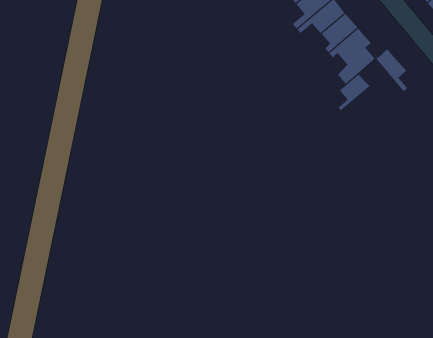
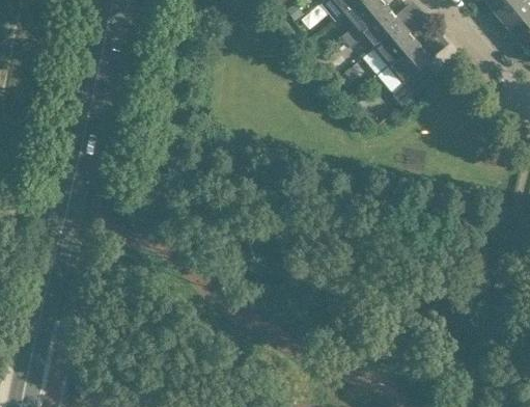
building: [375,49,408,92] -> none
building: [338,74,370,111] -> none

